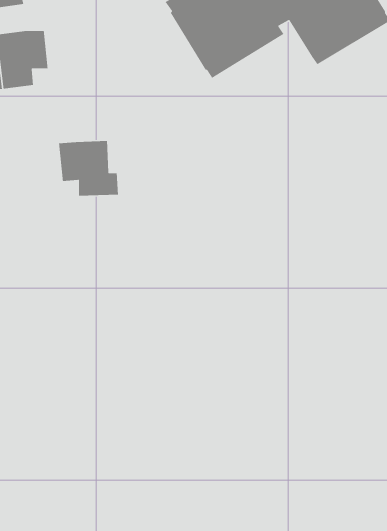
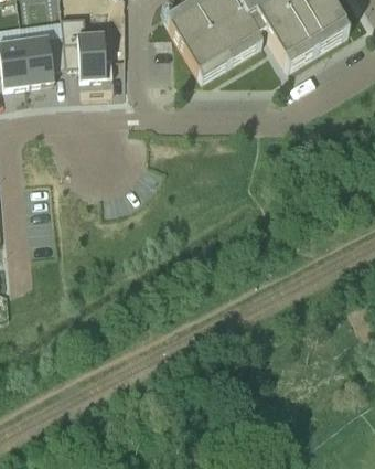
building: [58,140,119,197] -> [66,34,116,81]

